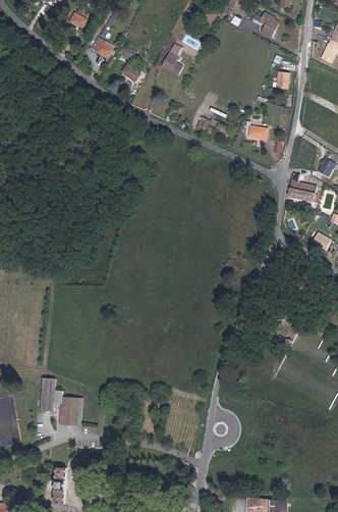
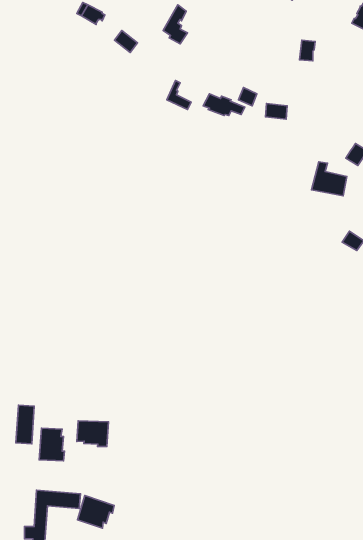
building: none -> [77,421,109,446]
building: none -> [77,496,114,528]

